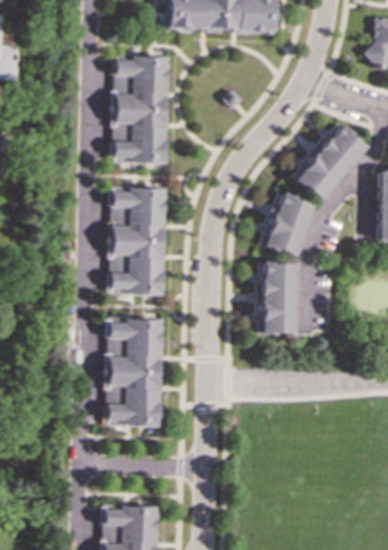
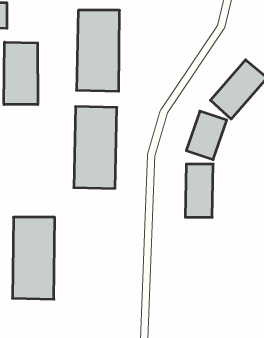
building: none -> [4,42,38,105]
building: [104,317,161,428] -> [12,217,55,299]

